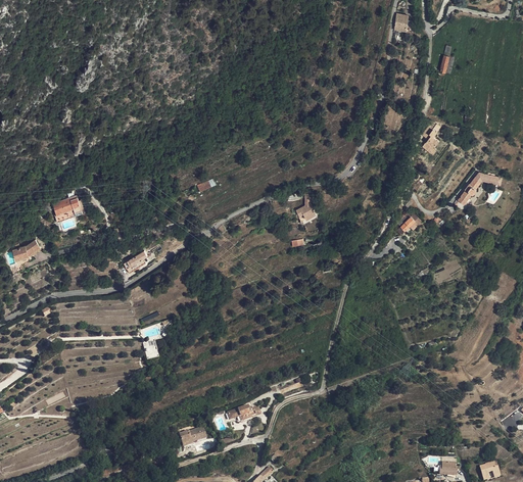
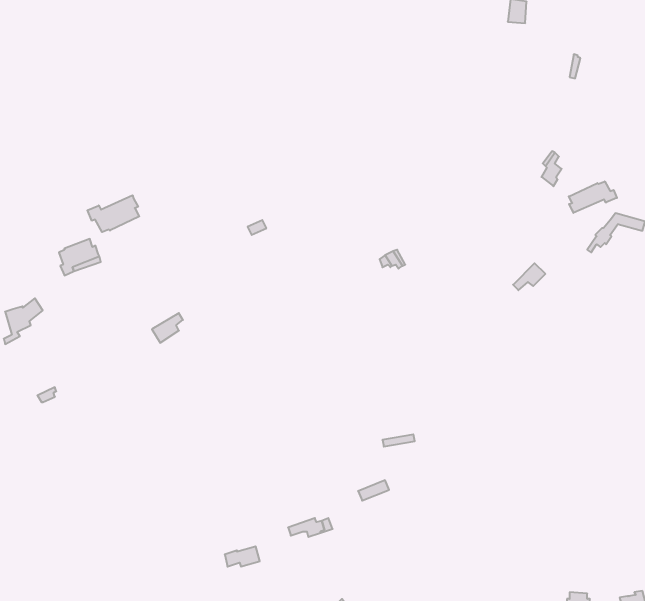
building: none -> [569,181,617,213]
building: none -> [87,195,139,232]

